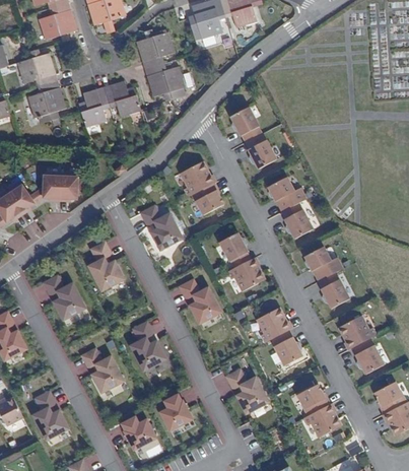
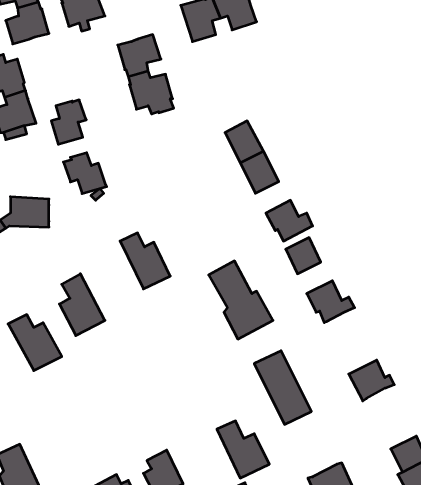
building: [103,79,140,115] -> [63,153,107,194]
building: [180,159,225,216] -> none
building: [318,272,349,309] -> none
building: [177,278,223,326] -> none
building: [128,320,168,374] -> none
building: [352,338,385,376] -> none
building: [77,345,127,396] -> none
building: [295,383,327,415] -> none

